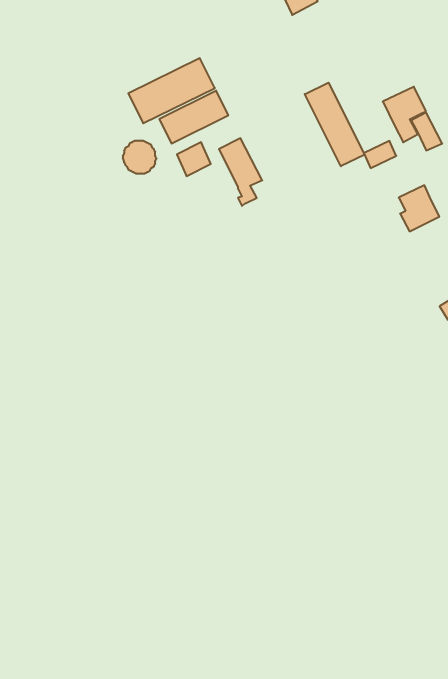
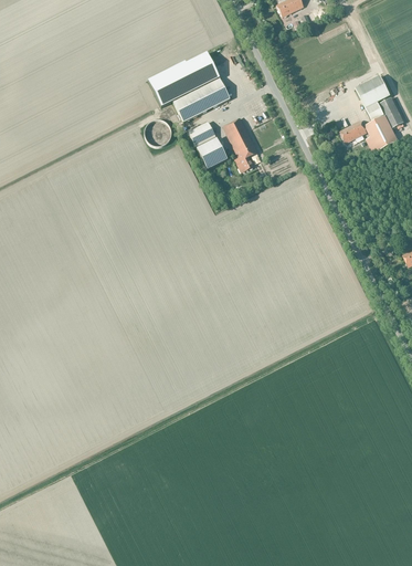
building: [305,83,365,166] -> none
building: none -> [196,138,226,169]
building: [399,185,439,231] -> [365,115,398,153]

